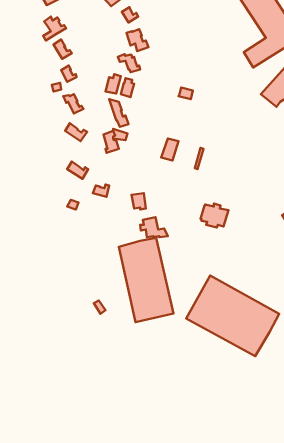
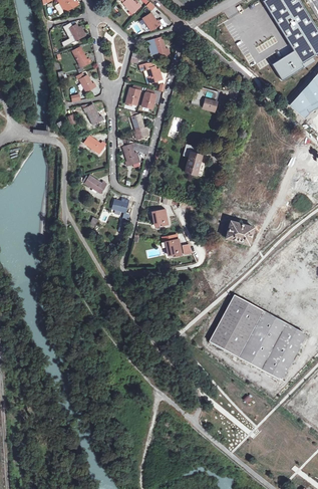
building: [119,238,174,322] -> none

